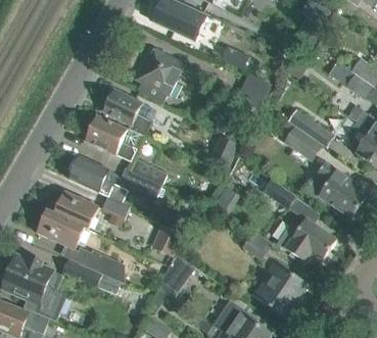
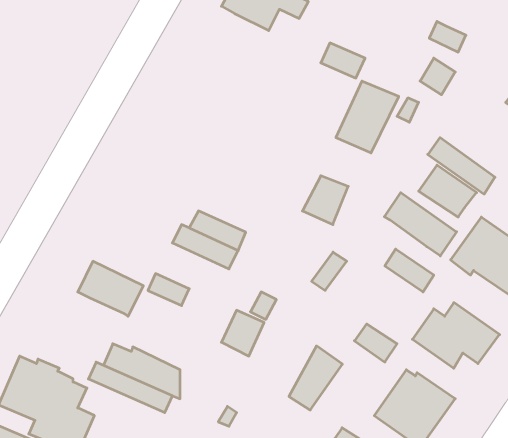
building: [135,47,201,103] -> none
building: [104,89,156,134] -> none
building: [86,116,141,161] -> none
building: none -> [384,193,457,256]
building: [69,155,128,201] -> none
building: [37,208,86,249] -> none
building: [156,251,192,294] -> [289,346,342,410]

